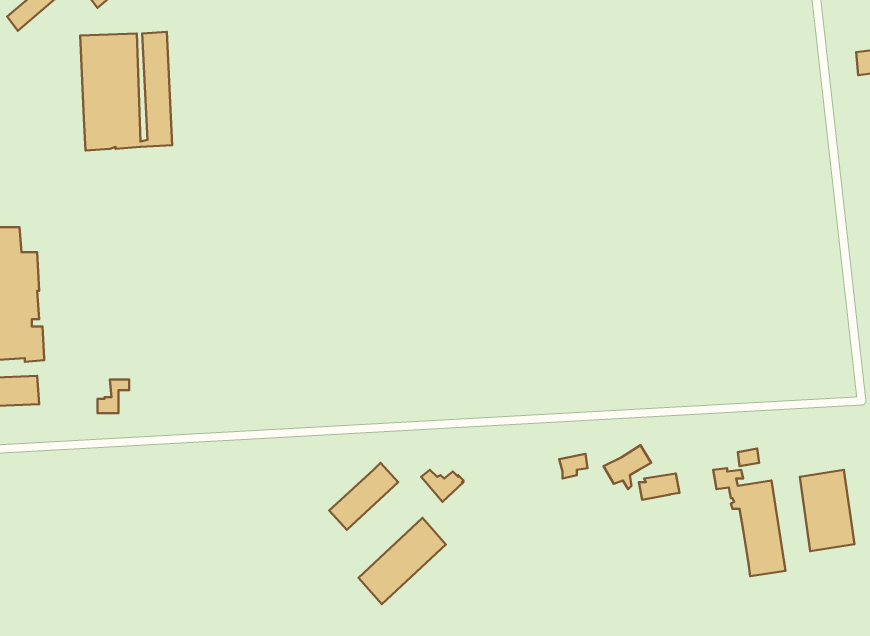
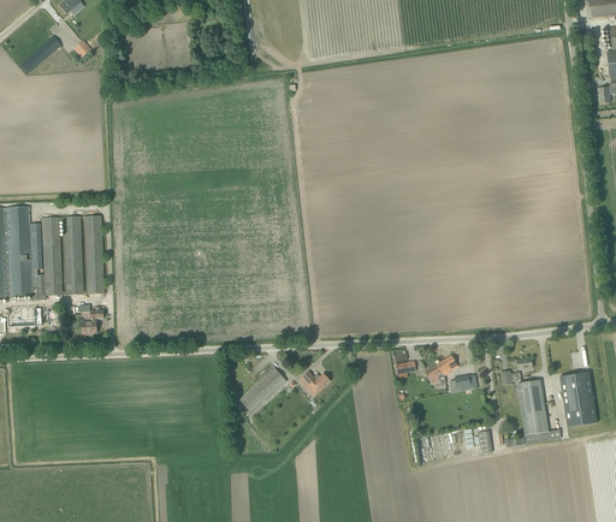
building: [80,32,172,151] -> [42,214,105,295]
building: [358,518,446,604] -> none

